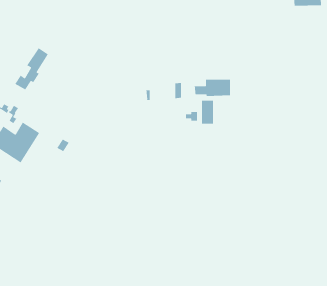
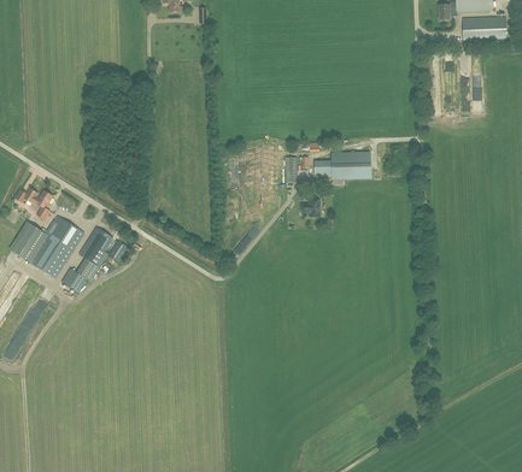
building: [14,47,49,91] -> [60,225,112,290]
building: [201,100,214,125] -> none

